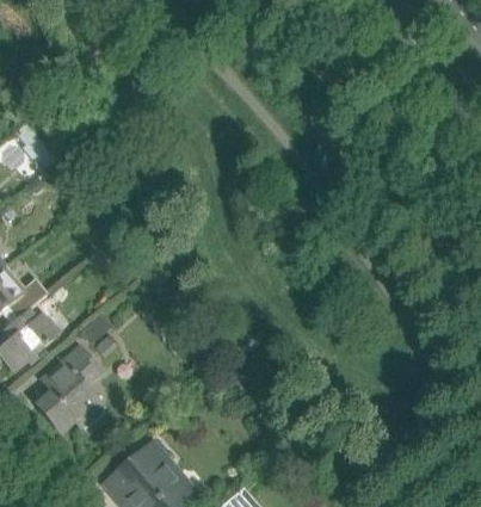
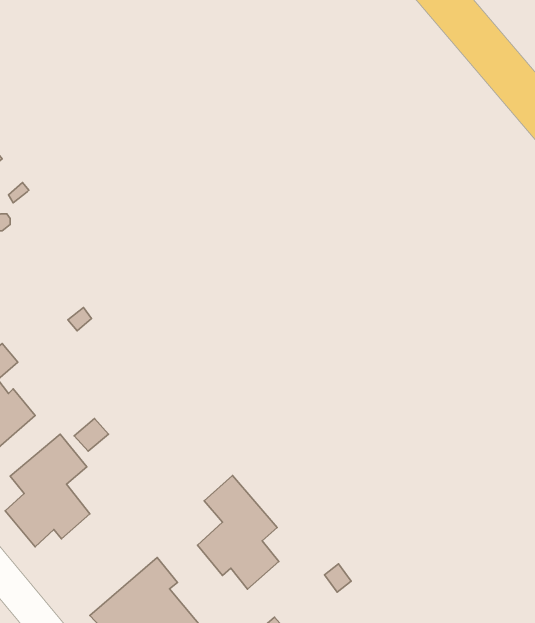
building: none -> [198,476,279,589]

